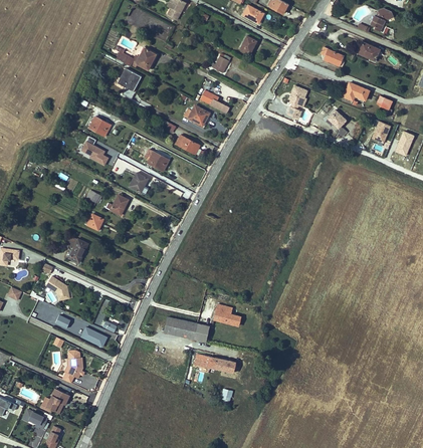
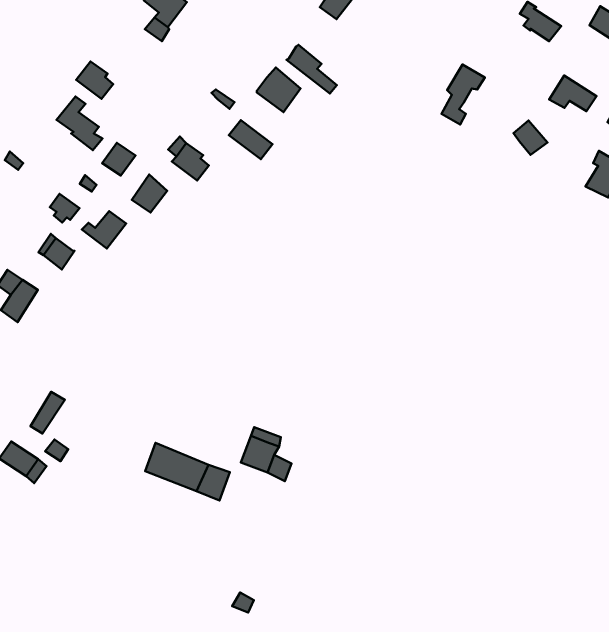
building: [193,353,227,373] -> none

